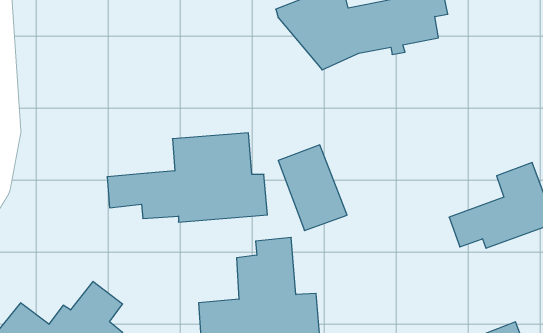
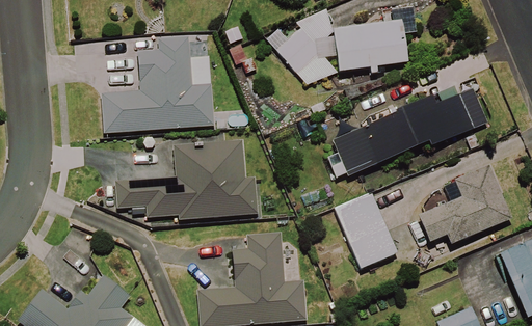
building: none -> [102,37,214,131]
building: none -> [335,85,490,176]
building: [278,145,347,231] -> [336,192,396,267]

